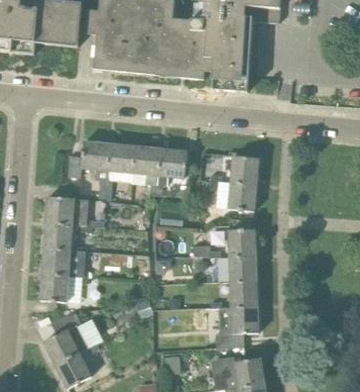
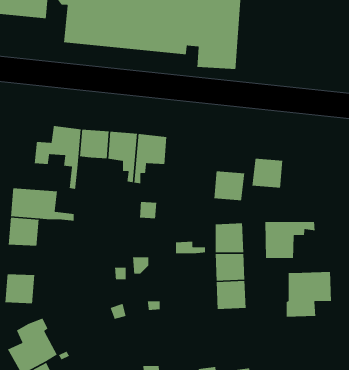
building: [230,156,258,183] -> [251,158,283,188]
building: none -> [264,221,315,259]
building: [43,248,89,276] -> none
building: [217,304,258,346] -> [286,271,332,318]

